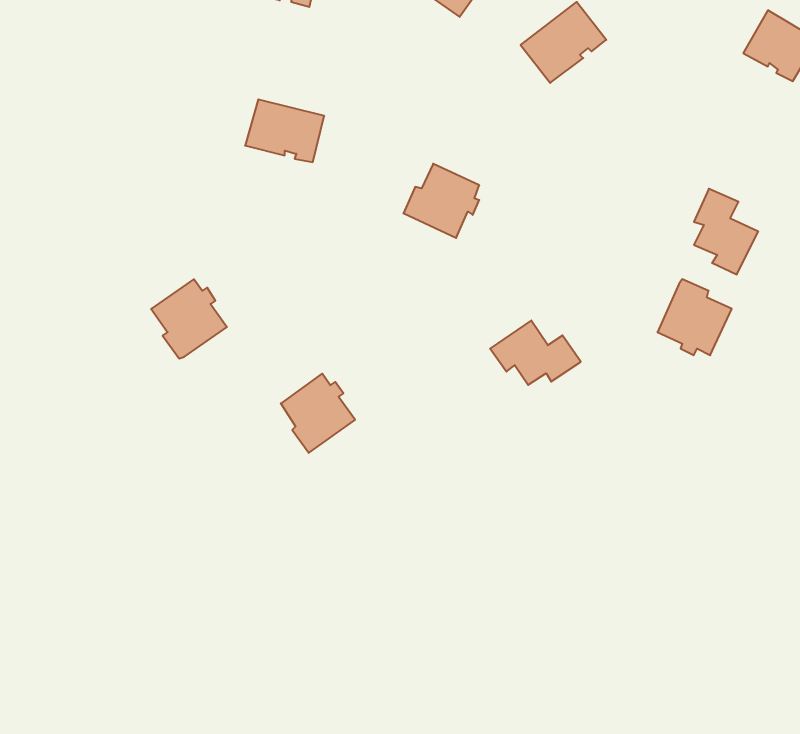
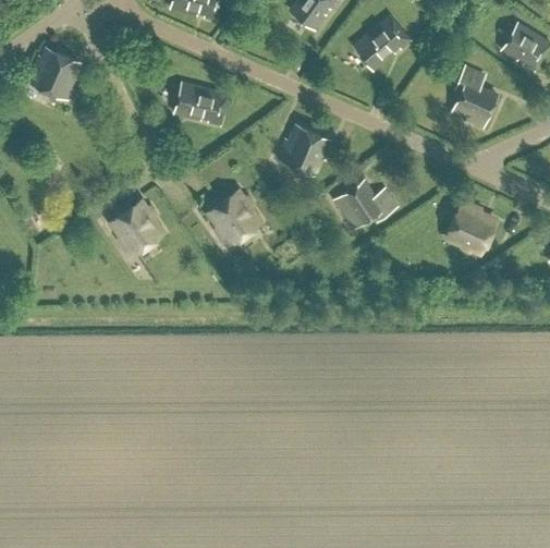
building: none -> [32,48,78,98]
building: [694,189,758,274] -> [454,68,497,124]
building: [490,320,581,385] -> [335,180,395,222]
building: [281,374,355,453] -> [209,192,258,244]

